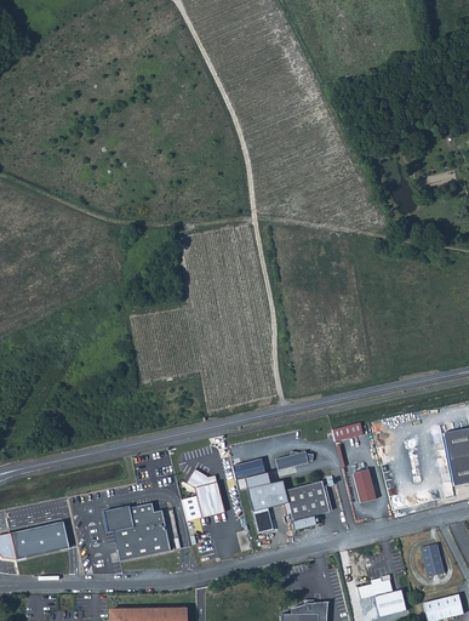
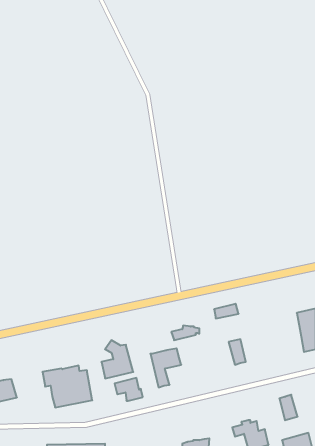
building: [231,458,269,489] -> [115,378,143,401]
building: [285,482,330,530] -> none

